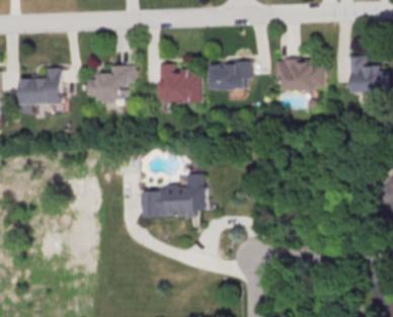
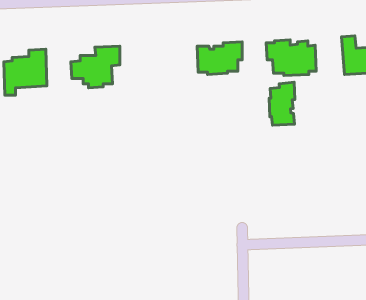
building: [158,63,201,103] -> none
building: none -> [269,82,295,125]
building: [142,173,205,218] -> none

